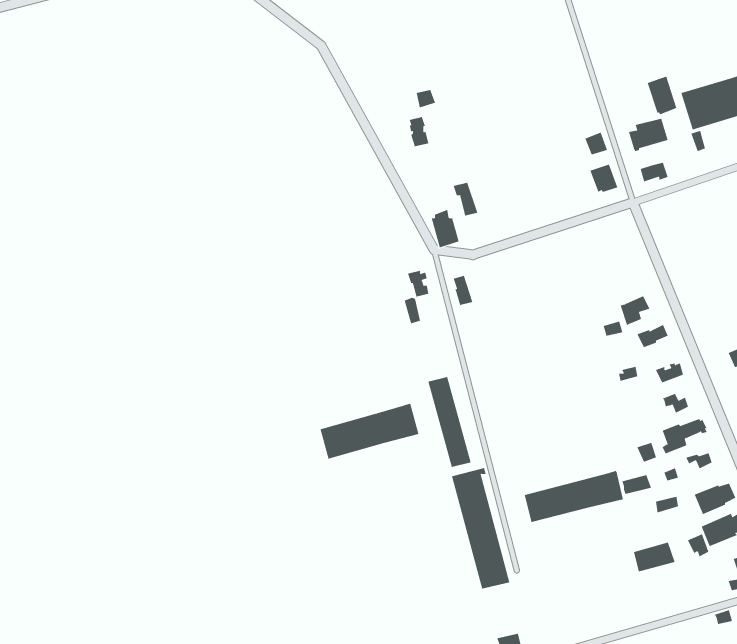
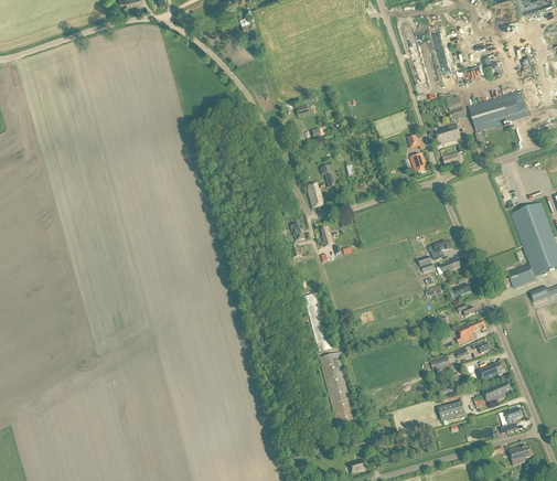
building: [320,403,419,460] -> none
building: [524,470,624,523] -> none

